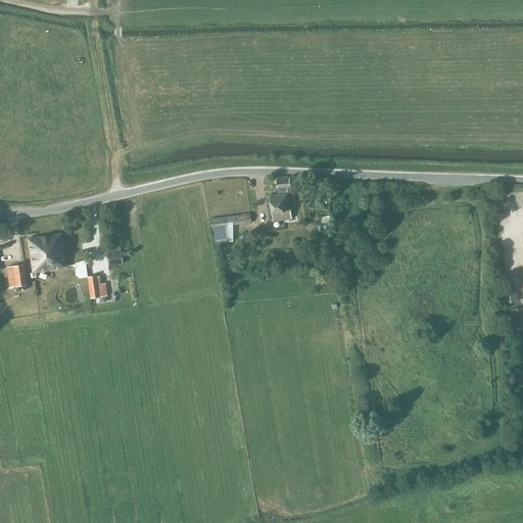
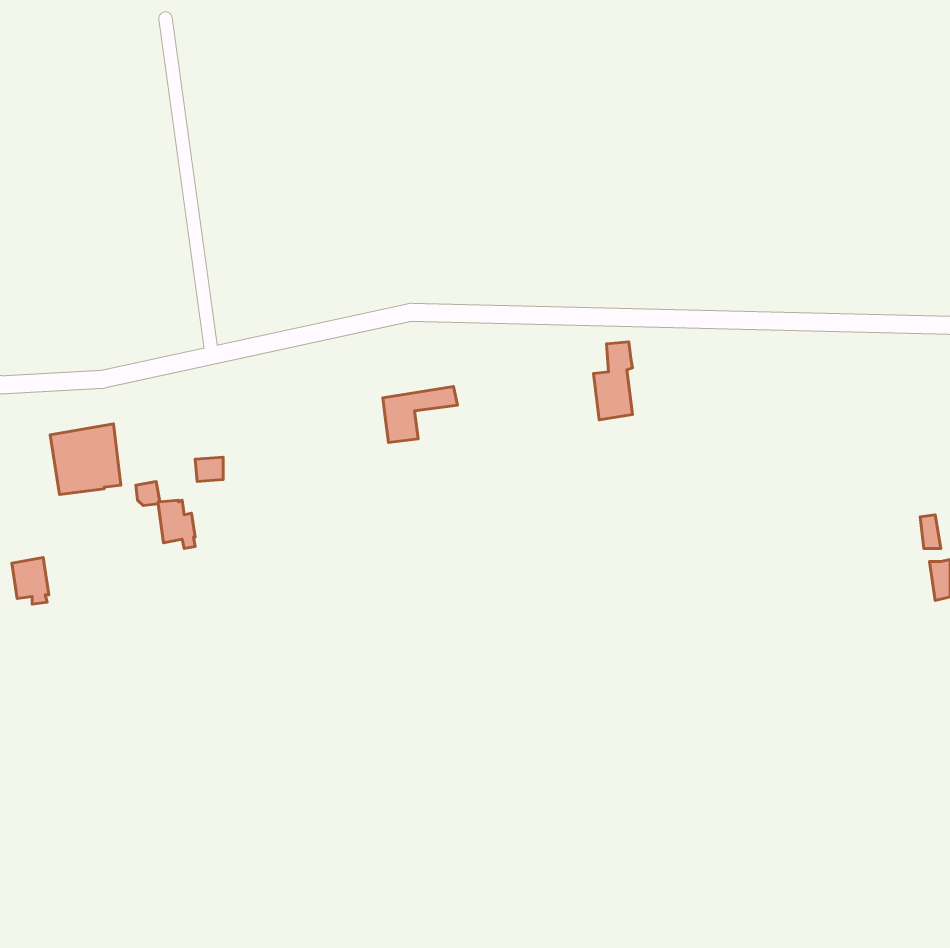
building: [270,178,291,221] -> [594,342,633,420]
building: [7,265,28,290] -> [12,558,49,604]

